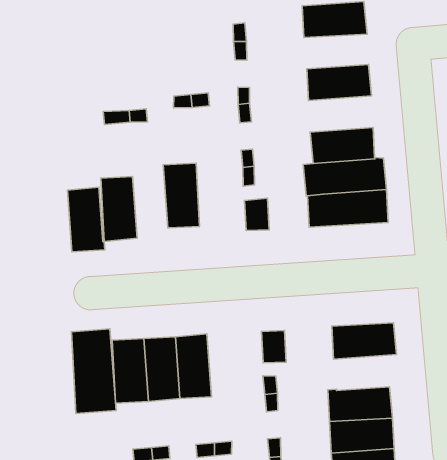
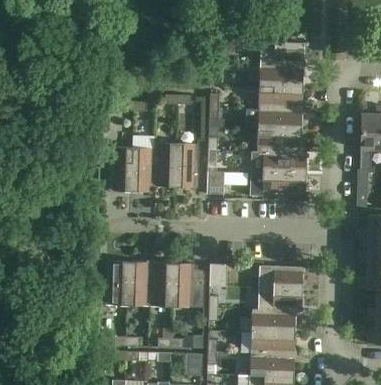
building: none -> [260,63,304,86]
building: none -> [258,107,303,130]
building: none -> [175,143,199,188]
building: [67,187,105,252] -> [131,148,154,192]
building: [72,329,116,414] -> none
building: none -> [172,262,205,307]
building: none -> [259,288,303,312]

